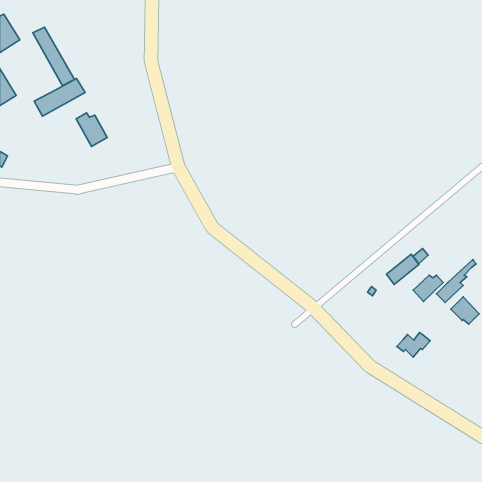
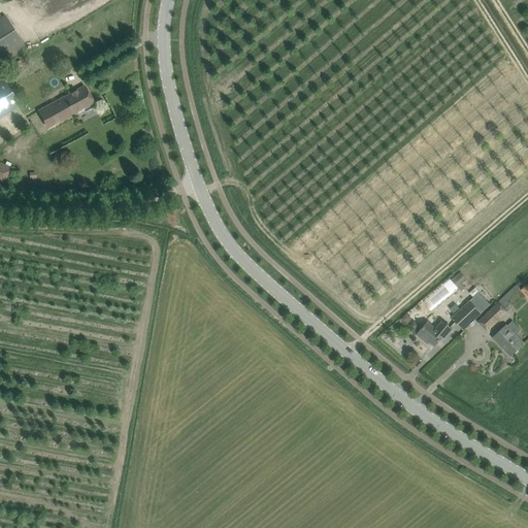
building: [33,27,74,86] -> none
building: [76,113,107,147] -> none
building: [397,332,430,357] -> [416,319,452,345]

